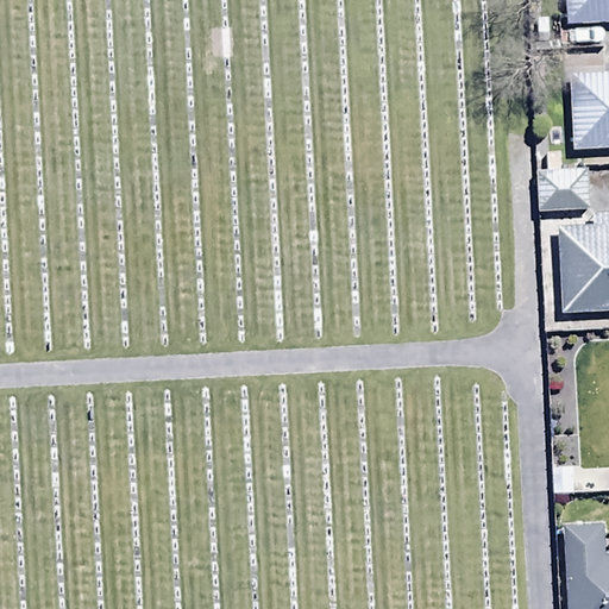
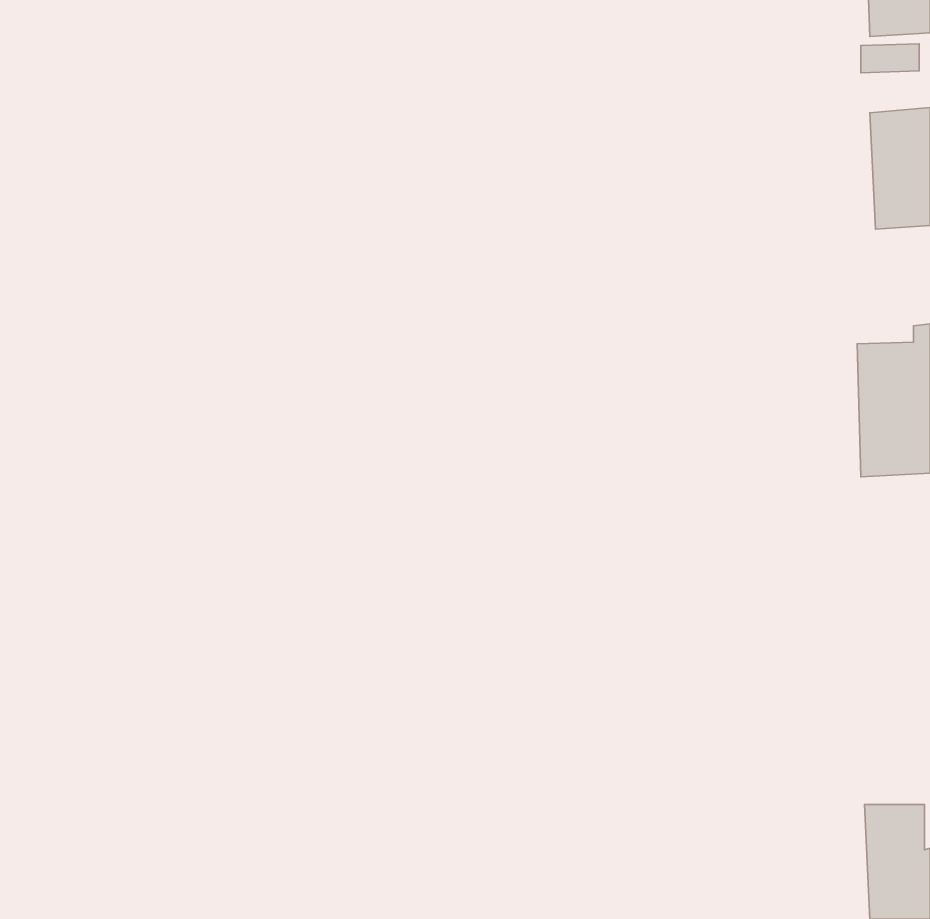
building: [538,151,591,213] -> none

